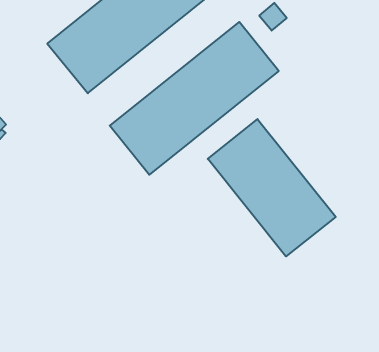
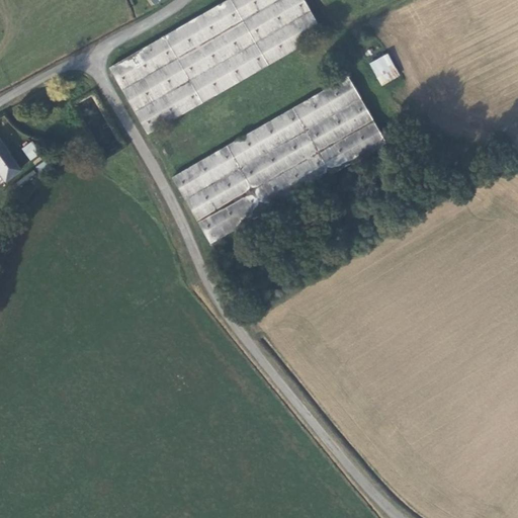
building: [208,119,336,256] -> none

